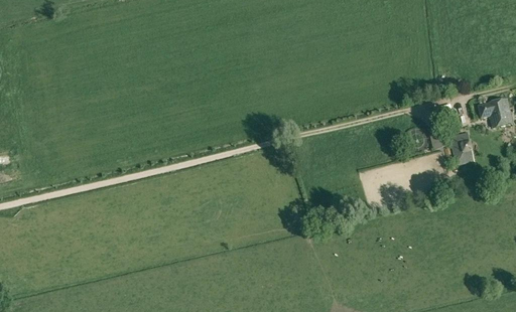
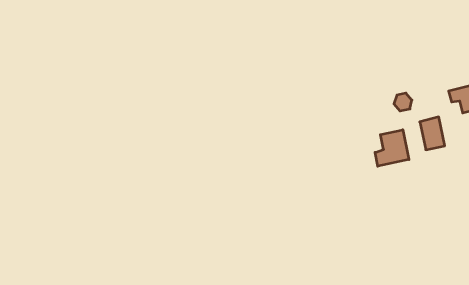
building: none -> [375,130,409,166]

